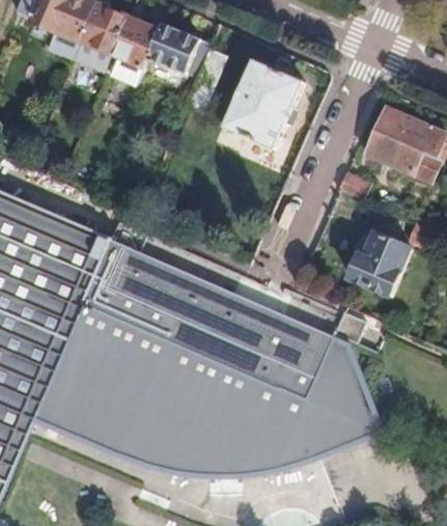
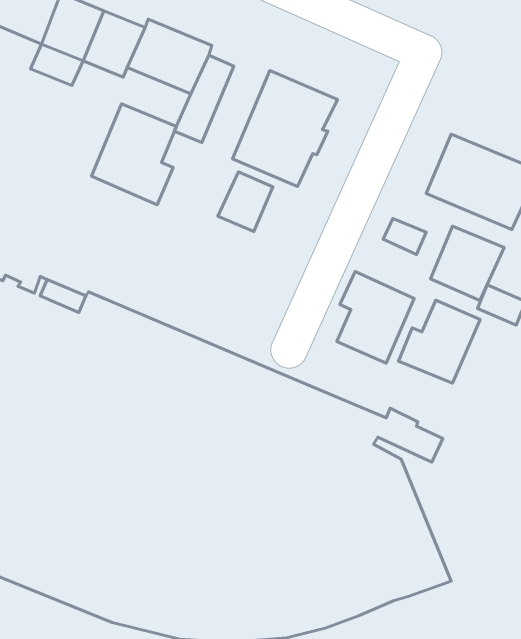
building: none -> [92,104,176,205]
building: none -> [218,172,273,232]
building: none -> [430,226,504,300]
building: none -> [337,271,414,363]

